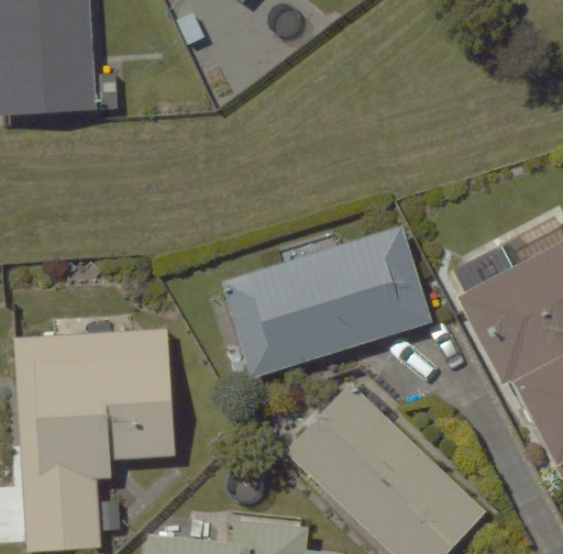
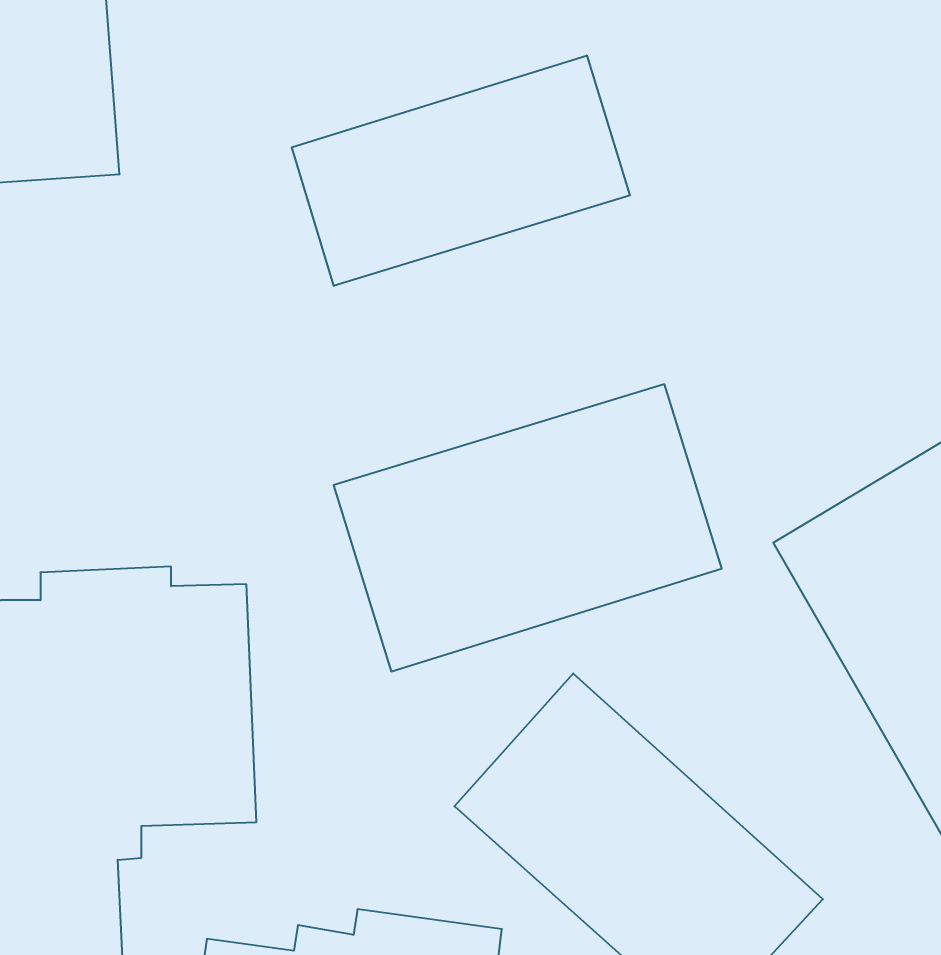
building: none -> [292,55,630,286]

